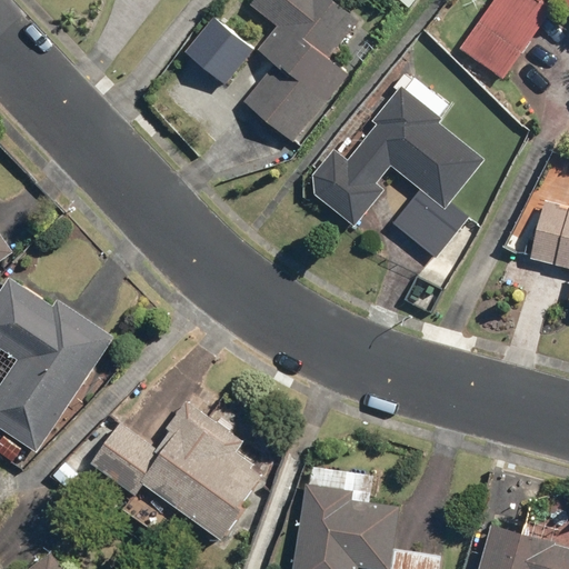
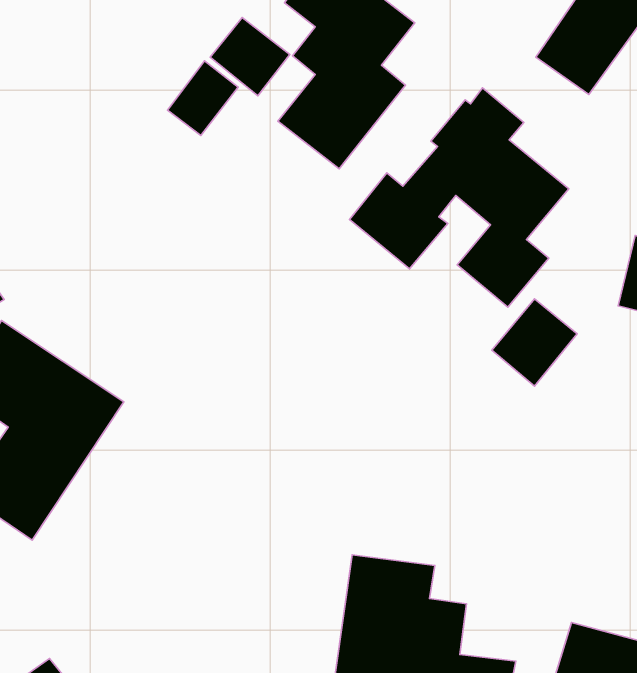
building: none -> [167,61,238,135]
building: none -> [492,299,577,386]
building: [89,398,268,542] -> none

